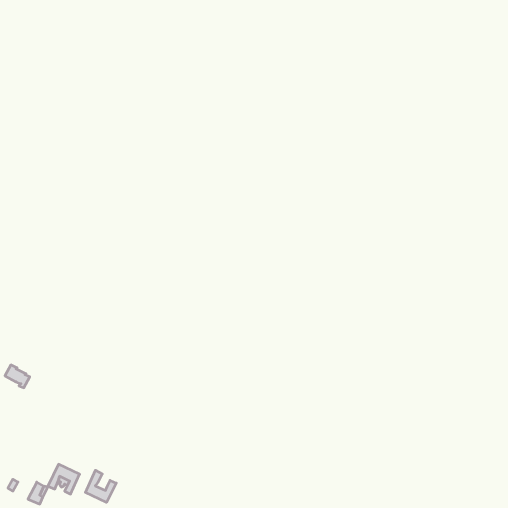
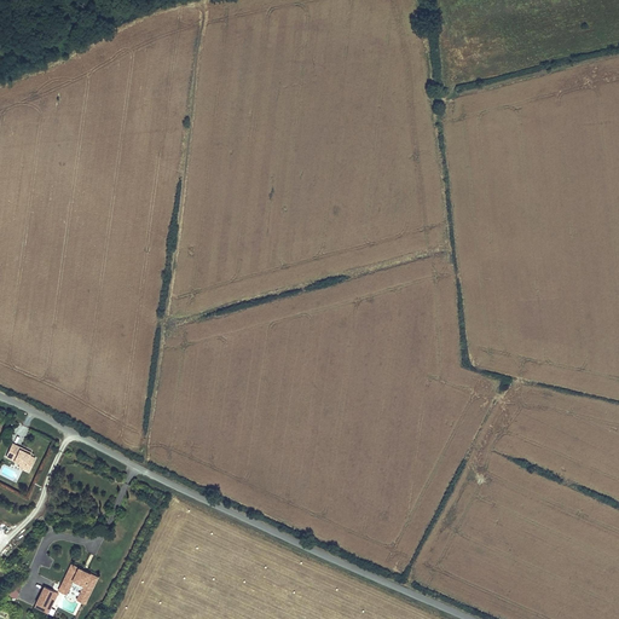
building: [85,470,116,502] -> none

